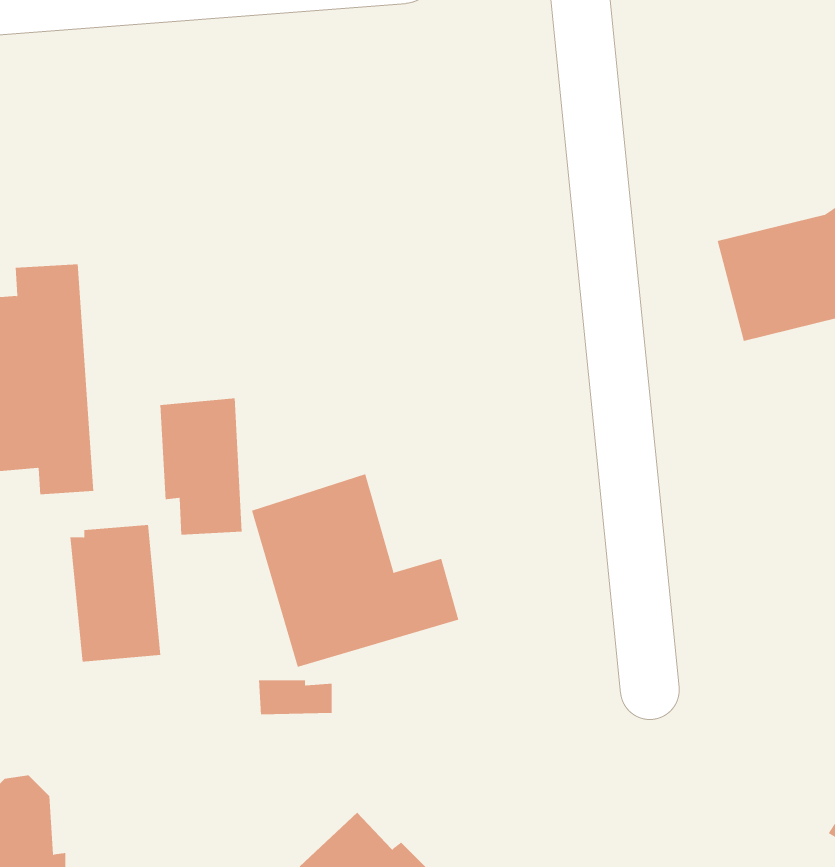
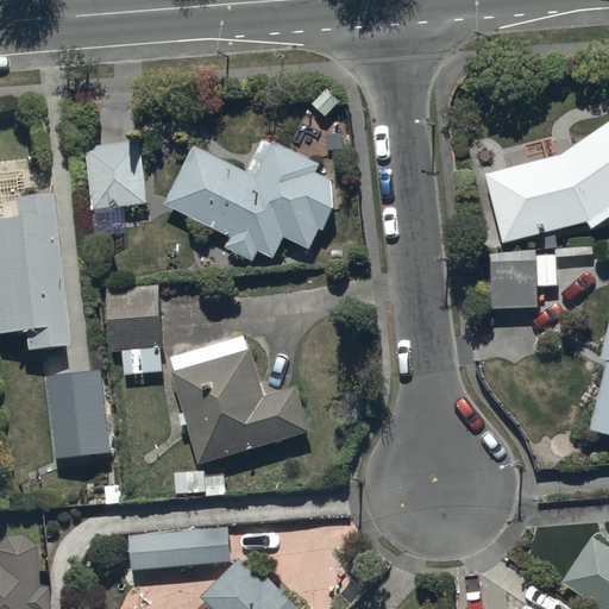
building: none -> [167,138,337,262]
building: none -> [88,139,146,241]
building: none -> [490,256,554,309]
building: none -> [130,527,231,570]

